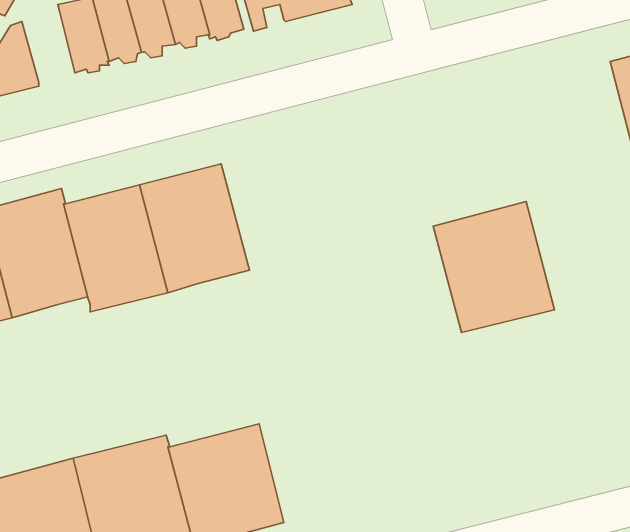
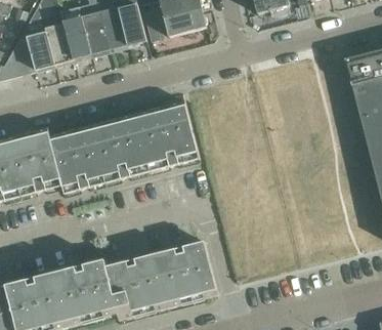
building: none -> [27,31,55,69]
building: [433,202,555,332] -> [134,99,200,170]
building: none -> [155,240,218,306]

